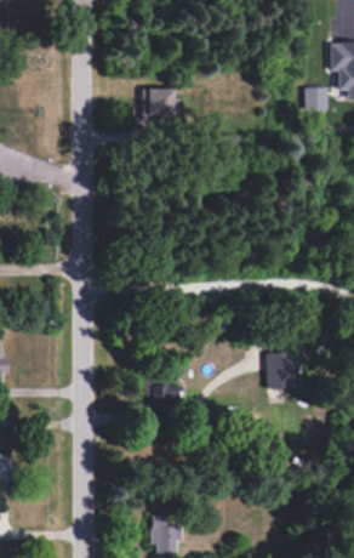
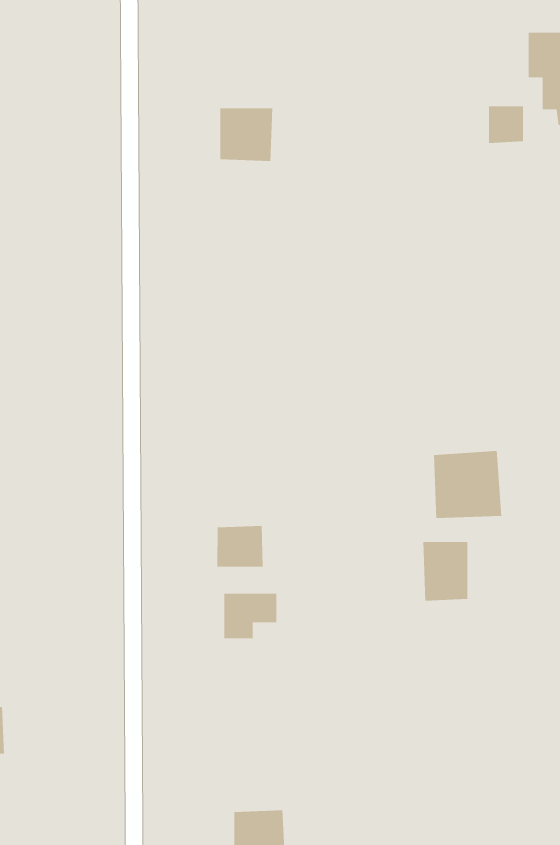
building: none -> [434,450,502,519]
building: none -> [217,525,263,567]

